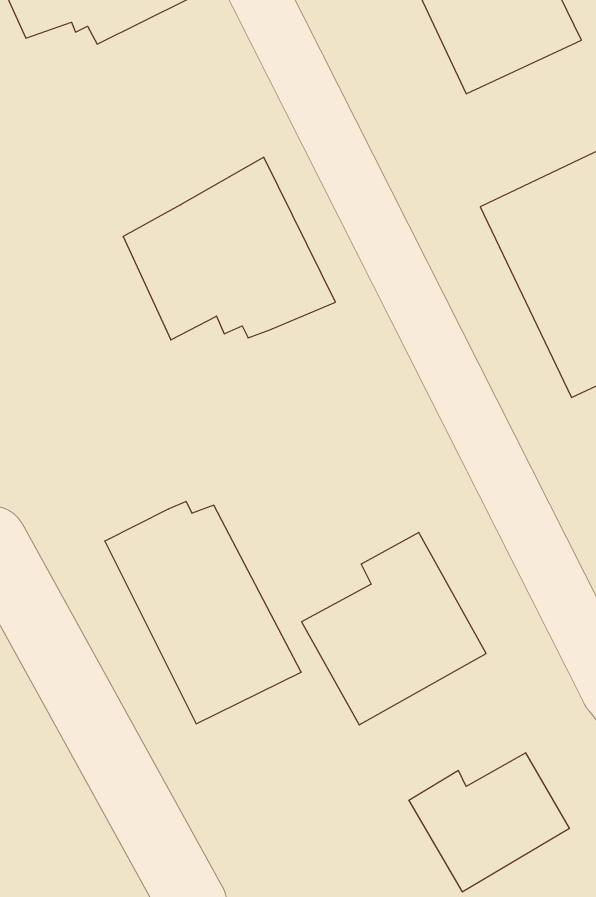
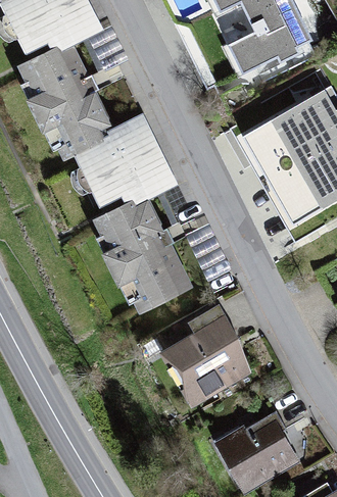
building: none -> [11,41,107,154]
building: [105,501,301,724] -> [87,195,188,309]

